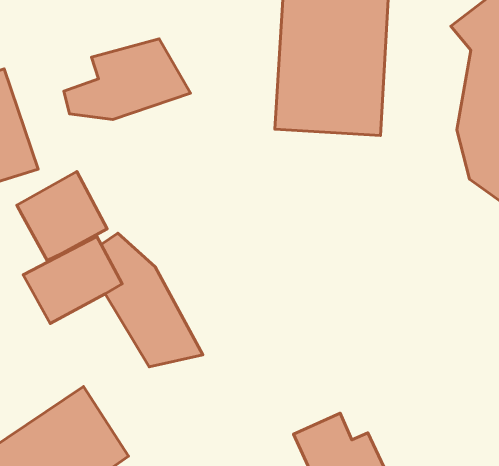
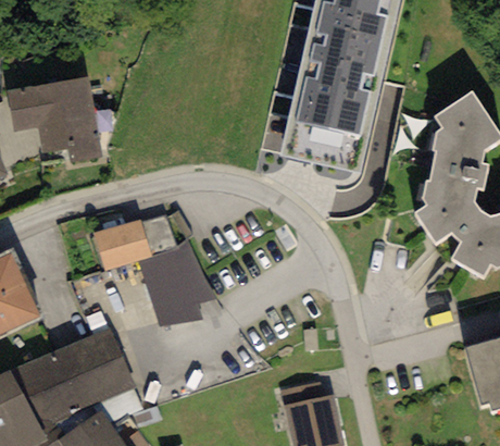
building: [64,39,191,119] -> none
building: [17,171,107,260] -> none

